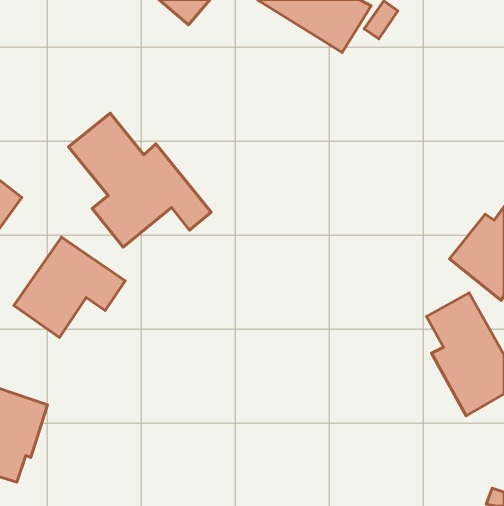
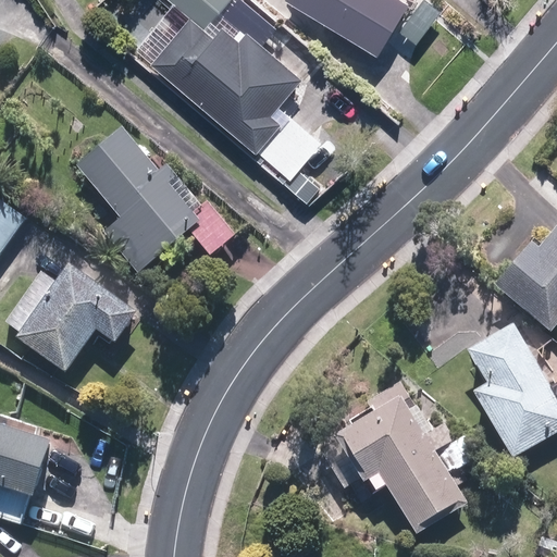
building: none -> [148,17,313,172]
building: none -> [337,397,467,531]

